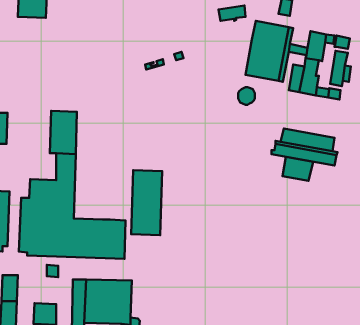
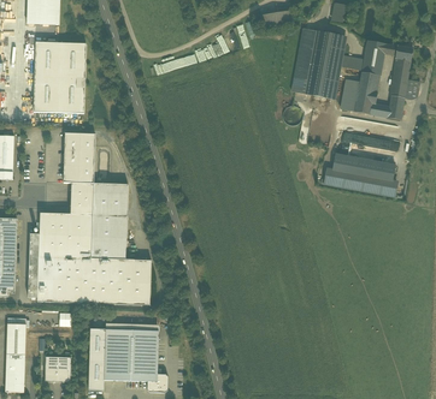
building: none -> [33,41,86,113]
building: [282,157,313,181] -> none
building: [131,170,162,235] -> [90,183,126,258]

